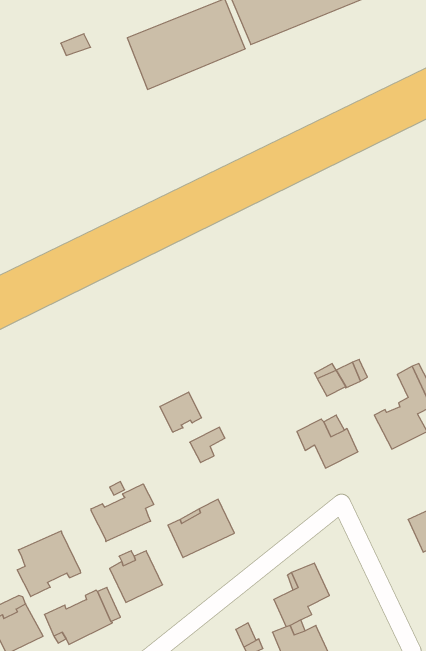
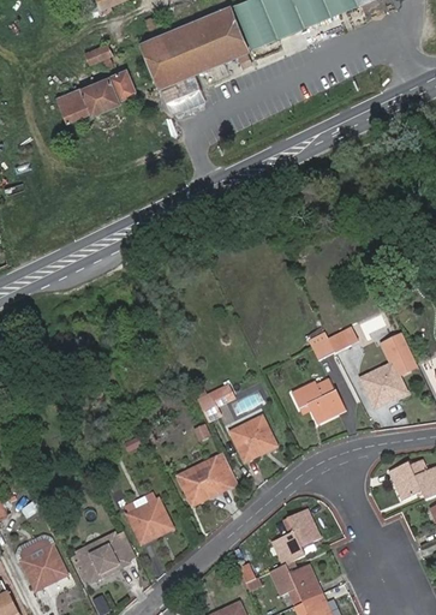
building: none -> [56,68,135,120]
building: [160,392,201,432] -> none
building: none -> [231,417,276,461]
building: [91,484,154,542] -> none
building: [17,531,80,597] -> none

